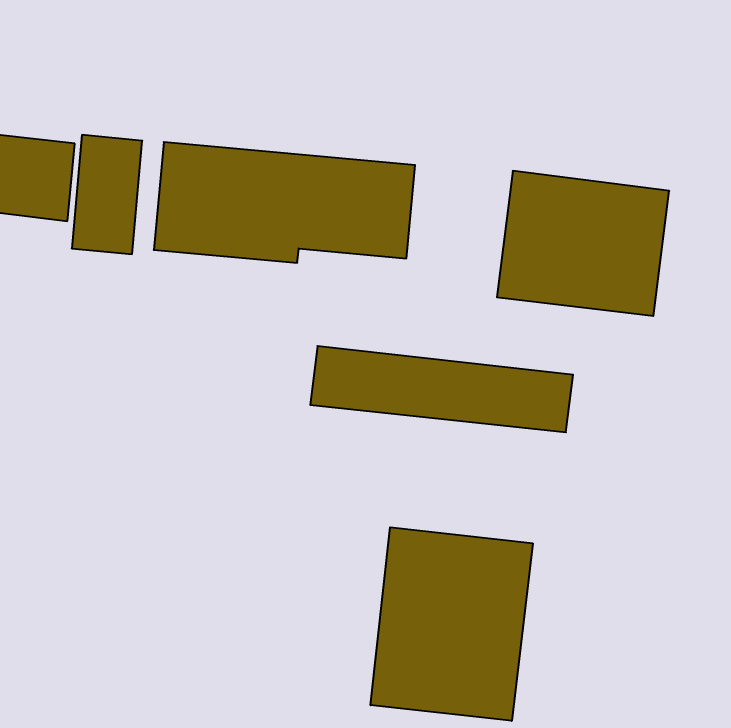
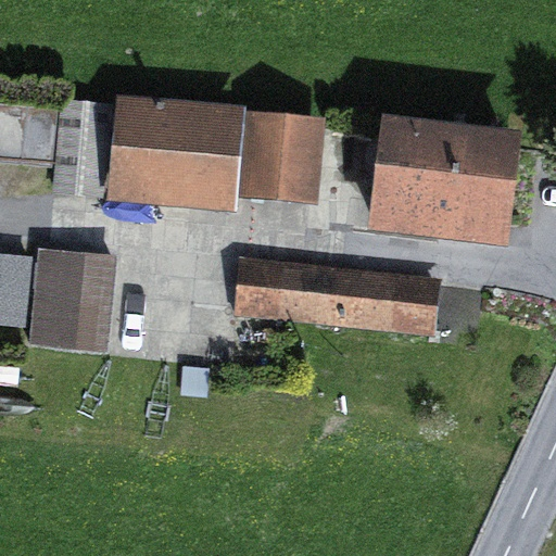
building: none -> [28,249,111,349]
building: [371,527,533,721] -> none

